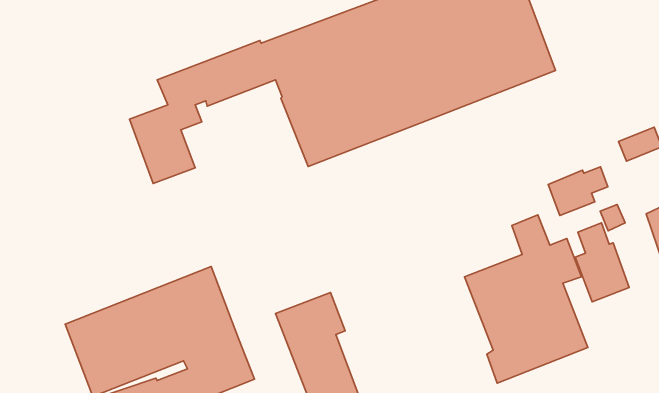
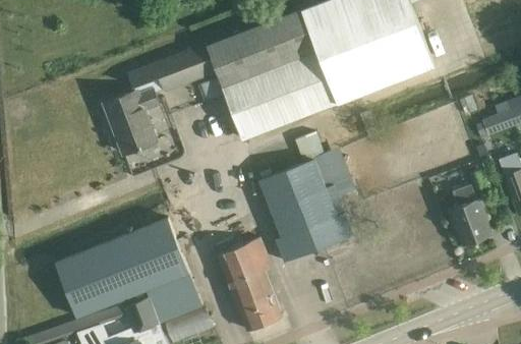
building: [548,167,608,215] -> none
building: [464,215,588,383] -> [258,132,354,263]

